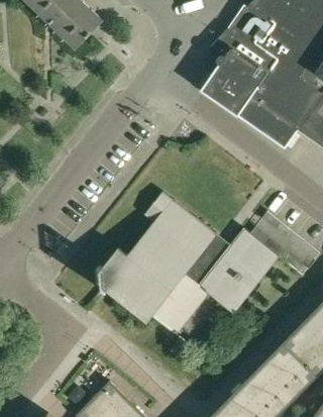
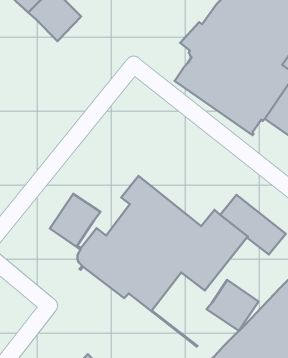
building: none -> [50,194,101,247]
building: none -> [207,280,258,331]

